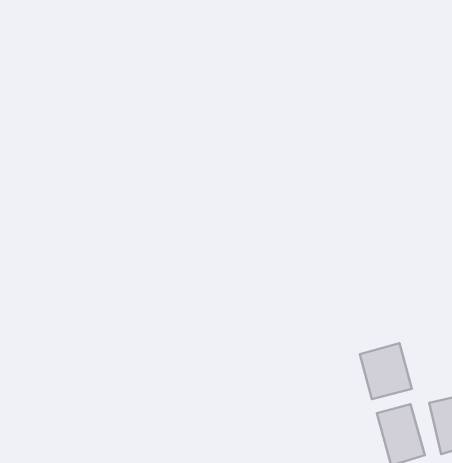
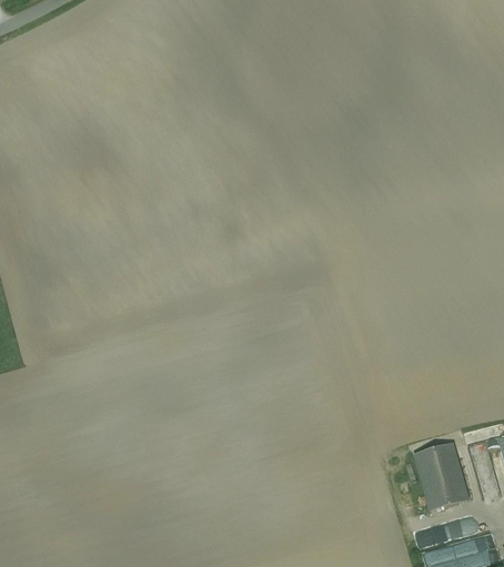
building: [360,343,412,399] -> none

